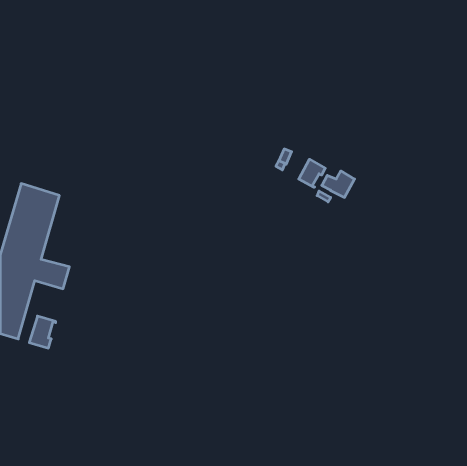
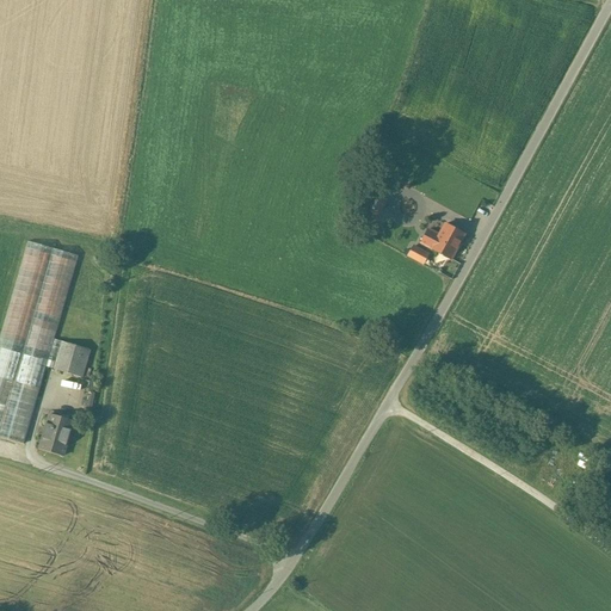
building: [299,159,325,187] -> none

